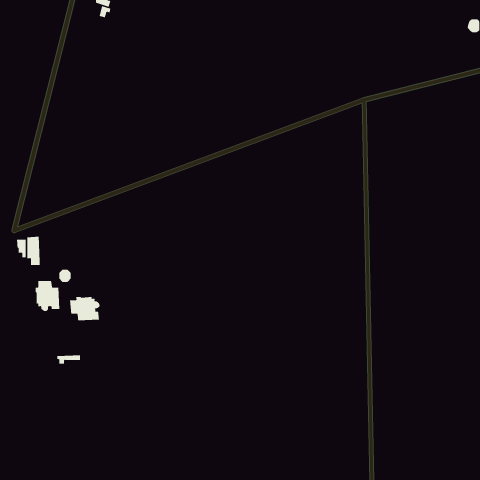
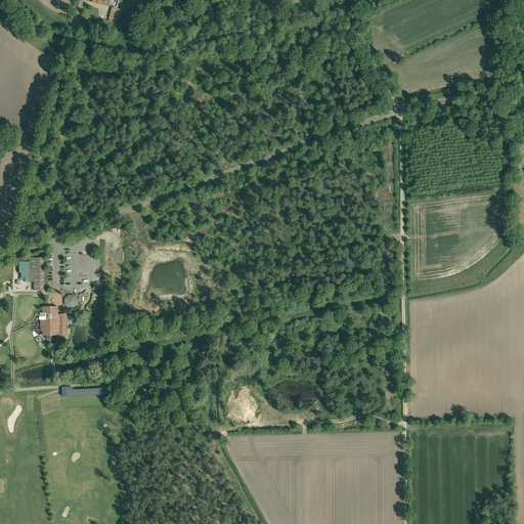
building: [70,296,100,321] -> none

